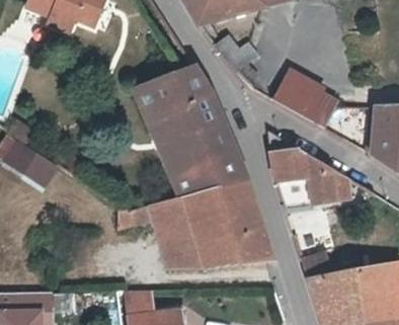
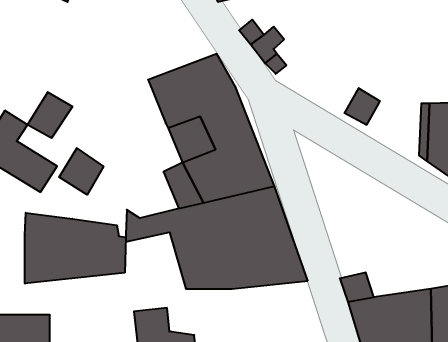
building: [269,77,317,117] -> none
building: none -> [27,92,72,138]
building: [270,134,349,210] -> none
building: none -> [59,148,103,195]
building: none -> [25,213,126,284]

